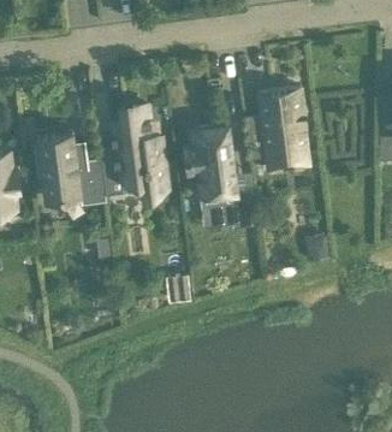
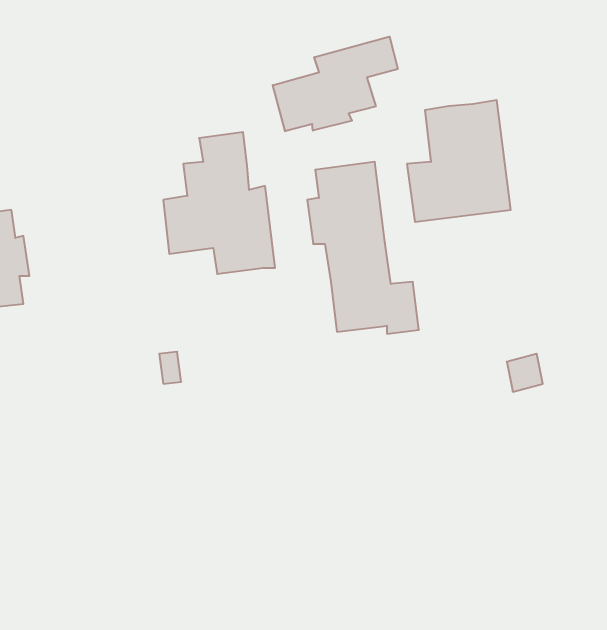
building: none -> [273,37,398,131]
building: [34,130,107,205] -> none

